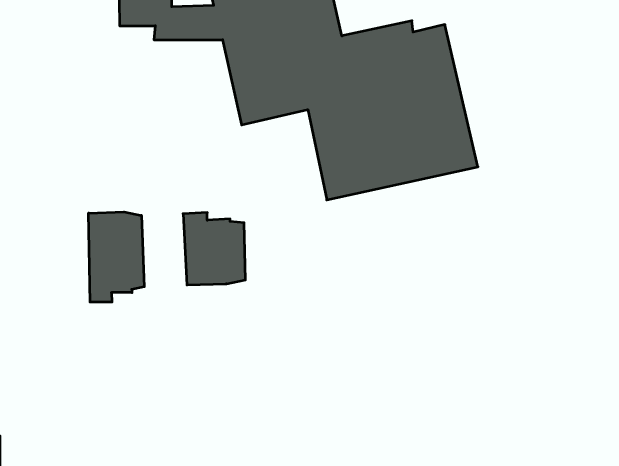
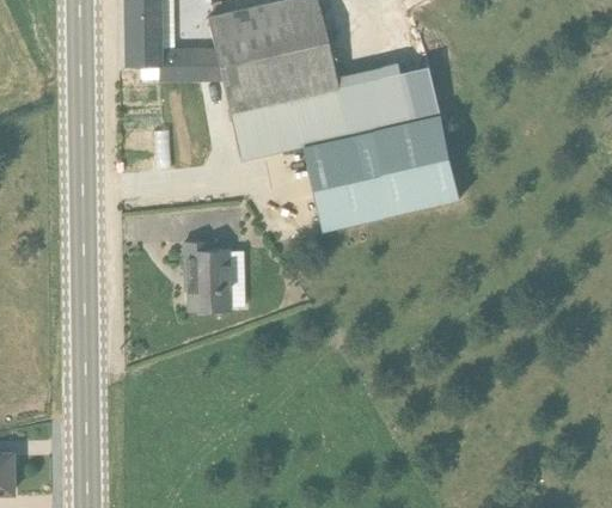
building: [89,212,144,302] -> none

